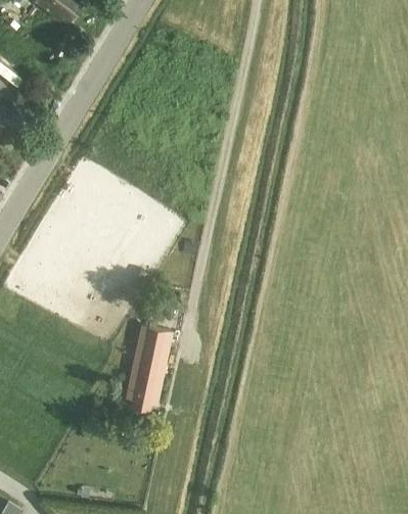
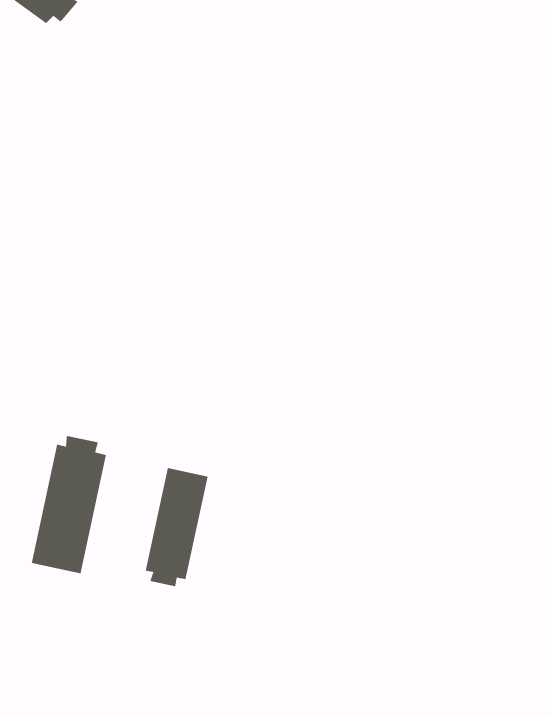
building: none -> [31,435,106,574]

